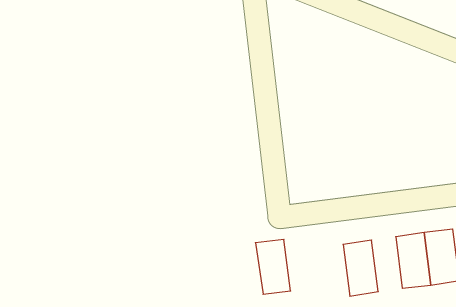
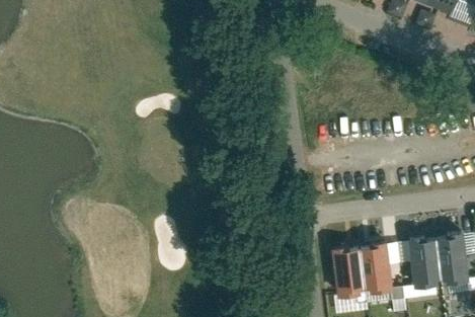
building: [255,239,291,294] -> [332,247,365,298]

